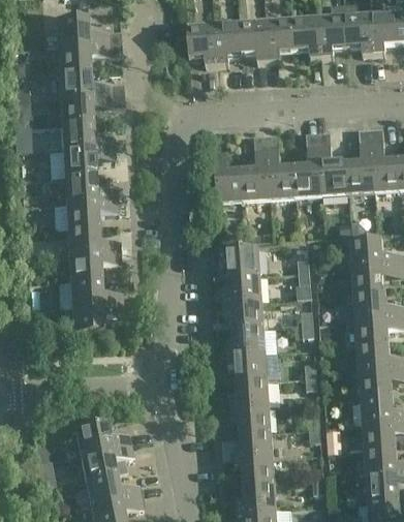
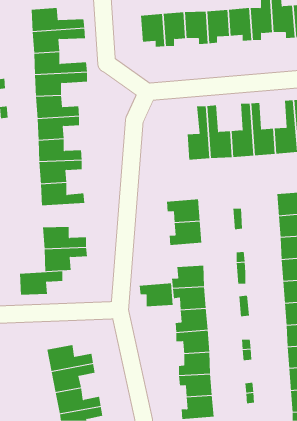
building: [214,149,245,202] -> none
building: [68,251,121,280] -> [19,271,63,295]
building: [222,299,263,328] -> [139,283,173,307]

